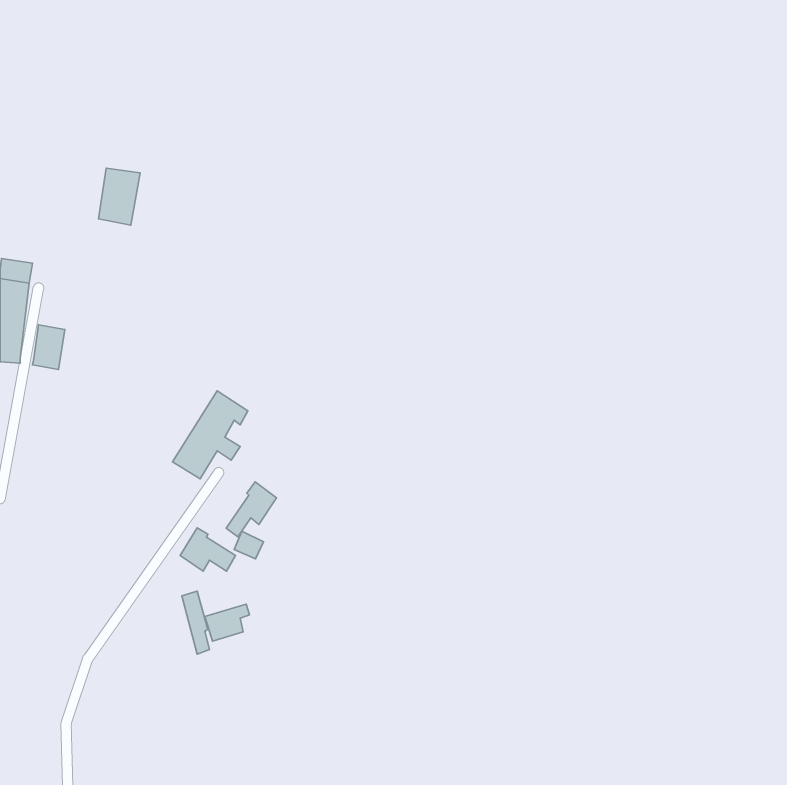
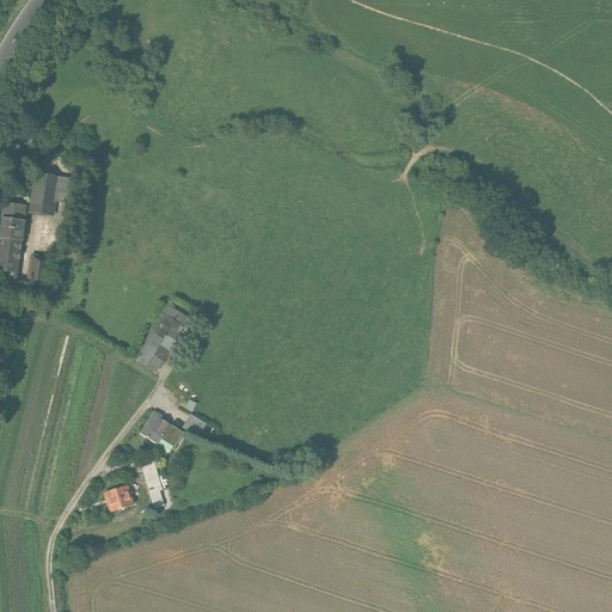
building: [98,168,140,225] -> [27,171,60,215]
building: [226,482,276,537] -> none
building: [205,604,249,641] -> [103,483,137,512]

